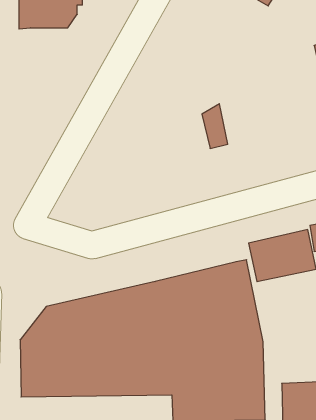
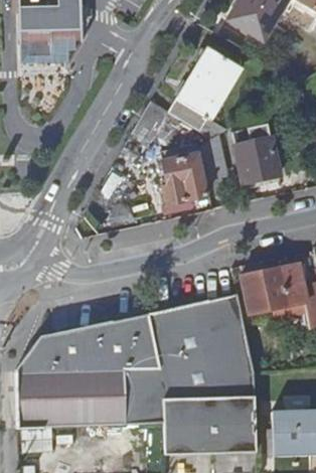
building: none -> [128,54,238,147]
building: none -> [231,133,280,192]
building: none -> [160,159,204,209]

